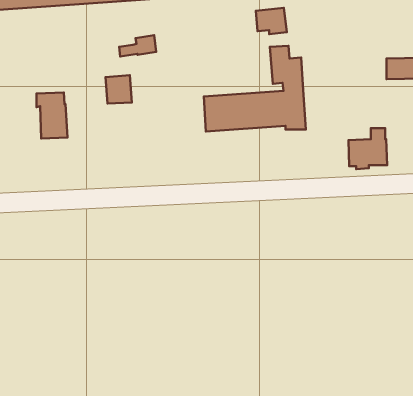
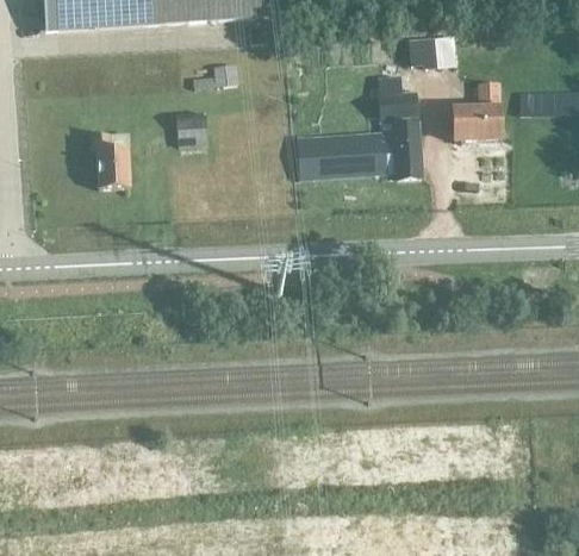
building: [256,8,287,34] -> [409,37,447,69]
building: [348,128,387,169] -> [453,95,500,145]

